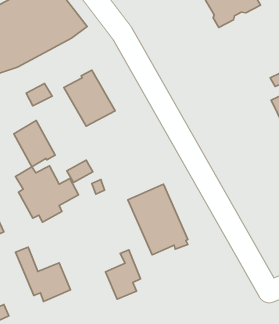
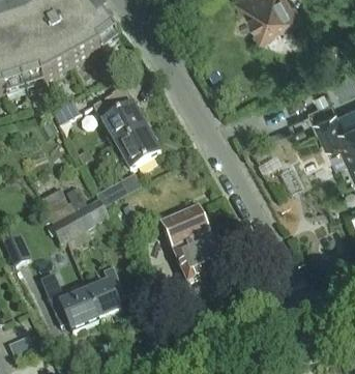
building: none -> [115,132,159,172]
building: [14,121,55,167] -> none
building: [106,250,140,299] -> [86,270,123,323]

